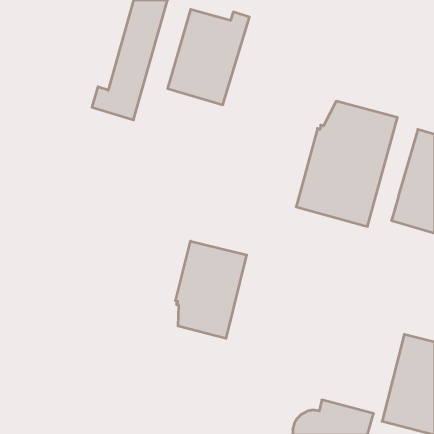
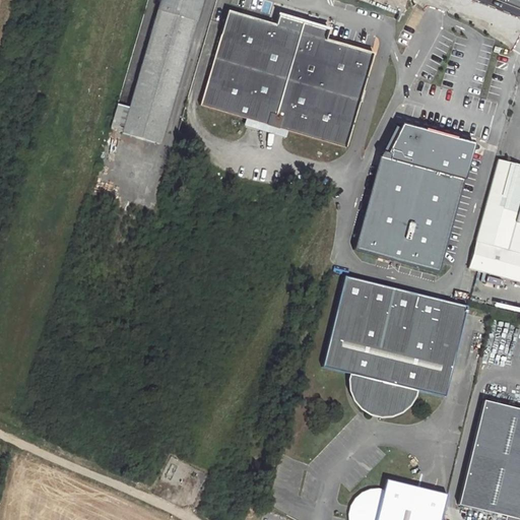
building: none -> [267,21,374,148]
building: none -> [323,274,468,413]
building: [176,241,247,338] -> none

